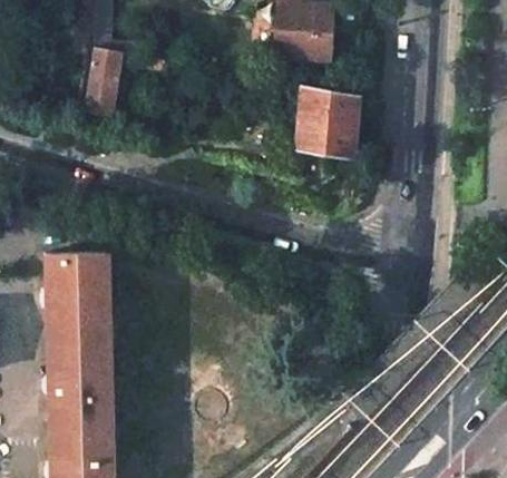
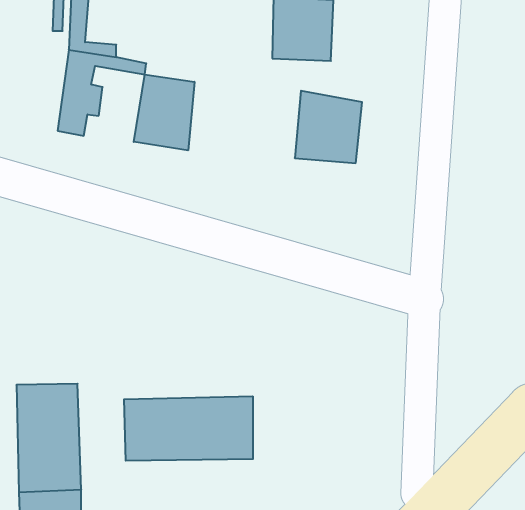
building: none -> [134,75,194,150]
building: [46,254,103,350] -> none
building: none -> [124,396,253,461]

